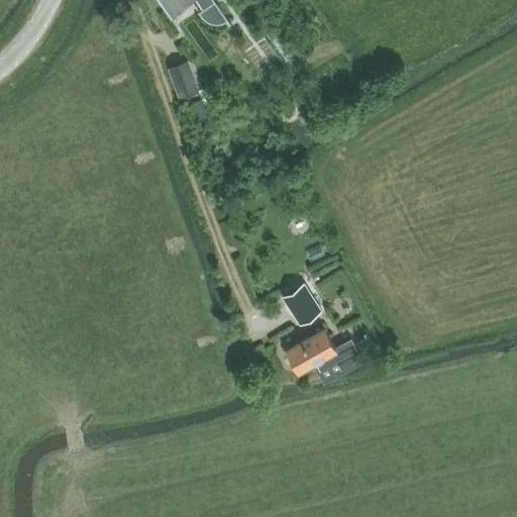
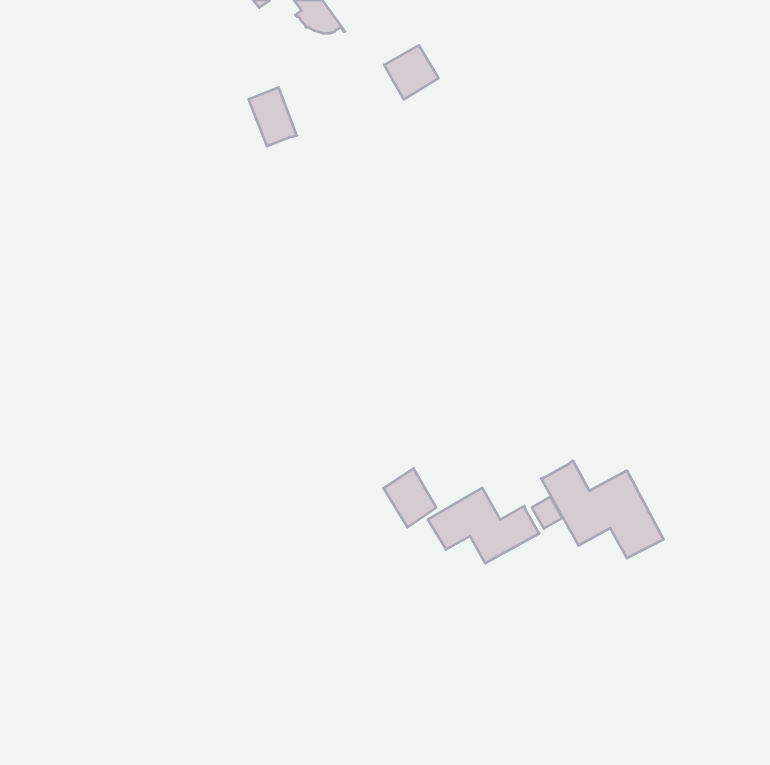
building: [284,286,319,325] -> [383,468,436,527]
building: none -> [541,461,663,558]

